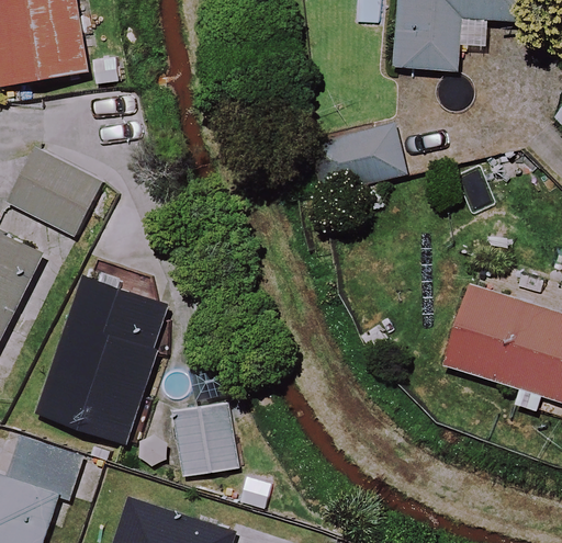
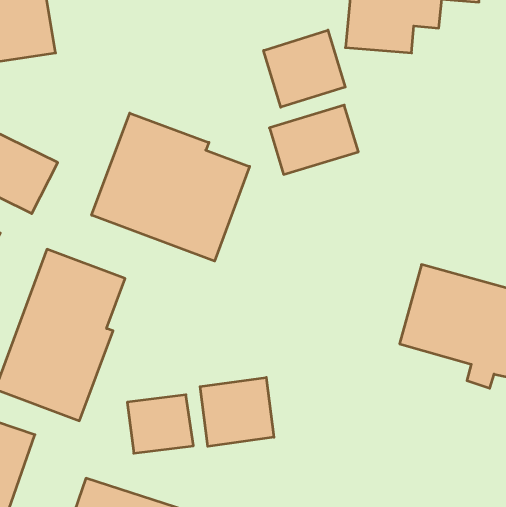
building: none -> [264,30,345,107]
building: none -> [92,113,250,261]
building: none -> [200,377,274,446]

